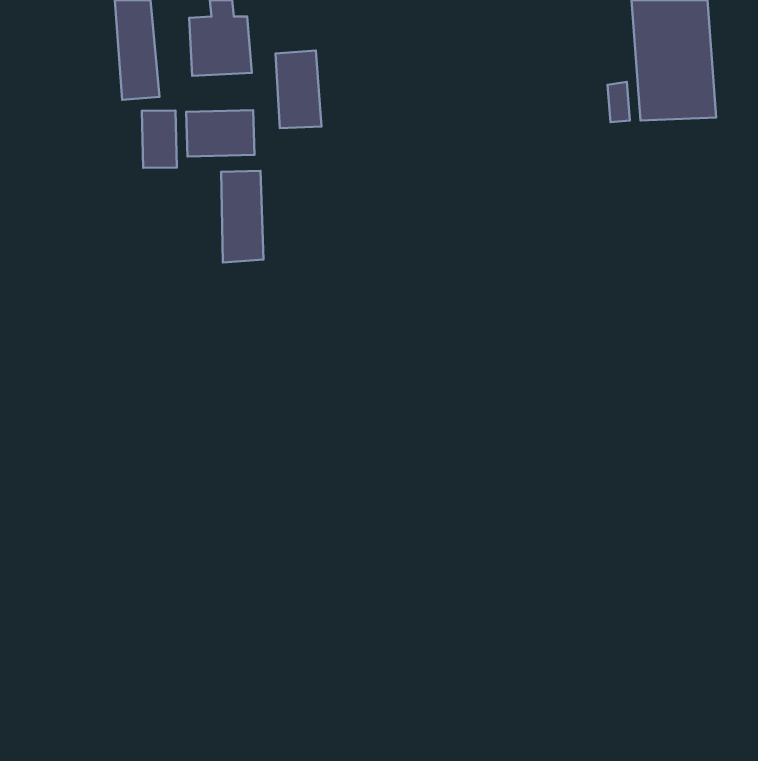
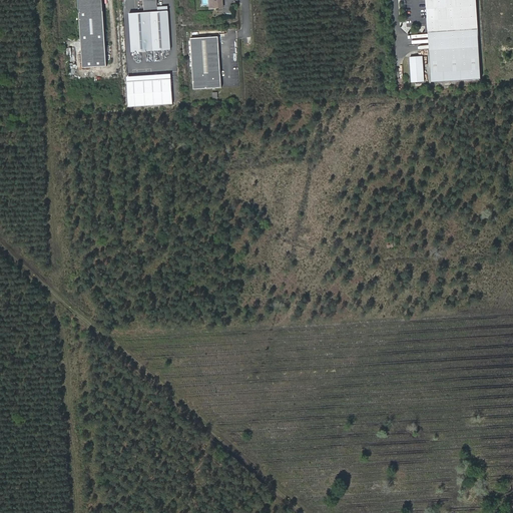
building: [142,110,177,168] -> none
building: [221,171,263,262] -> none

